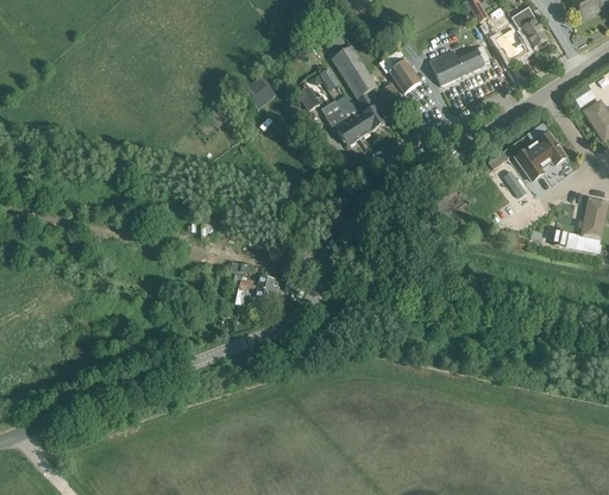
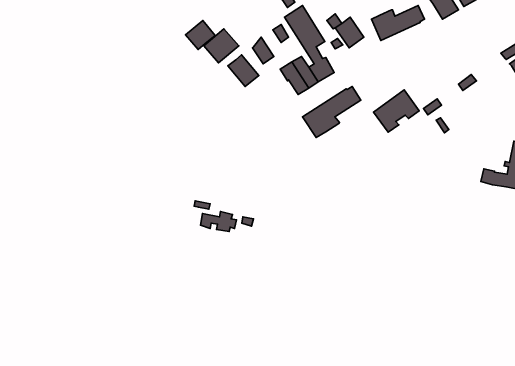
building: none -> [186,21,215,50]
building: none -> [228,55,259,87]
building: [514,132,565,180] -> [373,90,419,132]
building: none -> [303,86,361,138]

